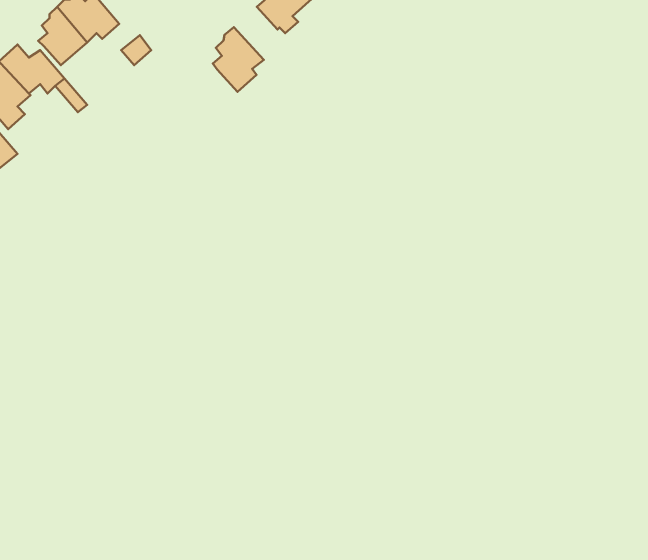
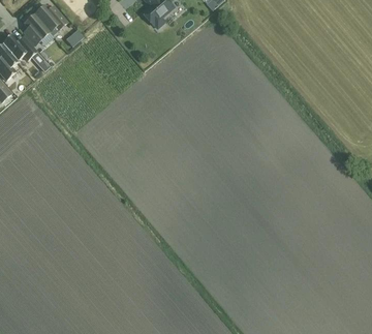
building: [213,27,264,92] -> none

